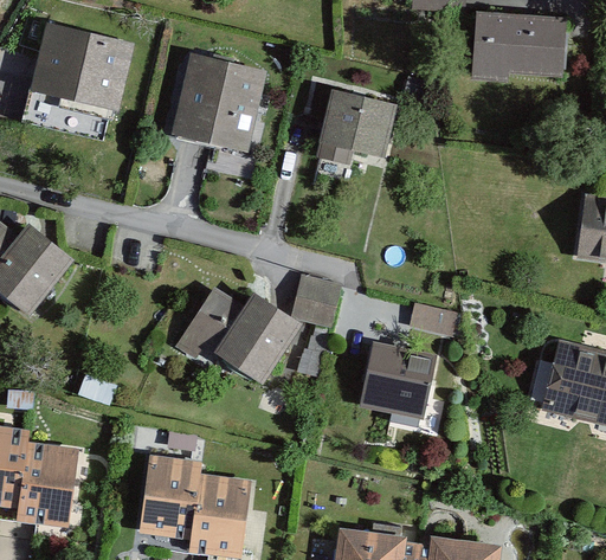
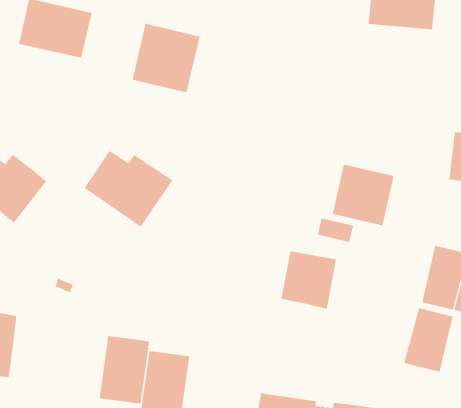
building: [316,86,395,165] -> none
building: none -> [332,164,394,226]
building: [294,281,340,327] -> none
building: [185,292,297,390] -> [84,150,173,227]
building: none -> [404,307,453,373]
building: [20,442,84,528] -> none

